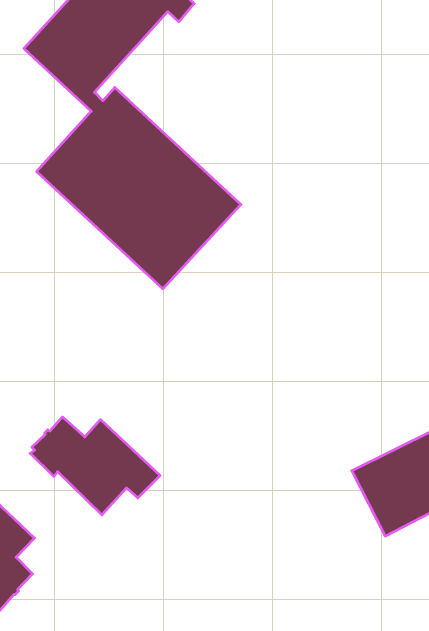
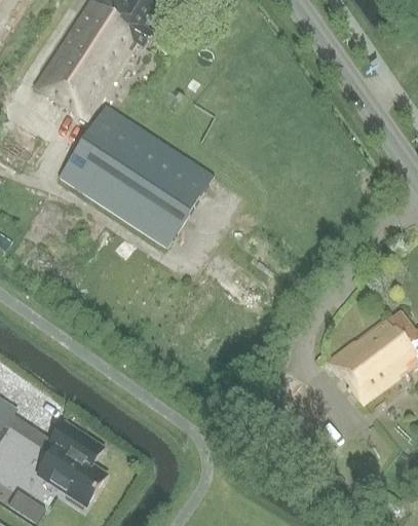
building: [30,417,160,515] -> none

